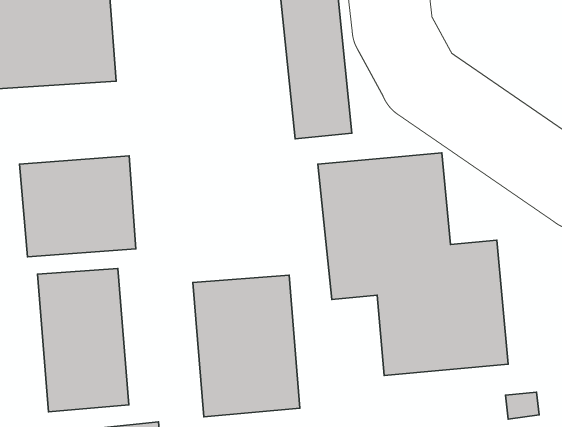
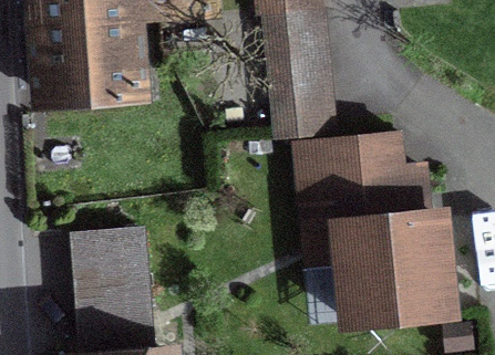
building: [20,156,136,257] -> none
building: [193,275,300,417] -> none

